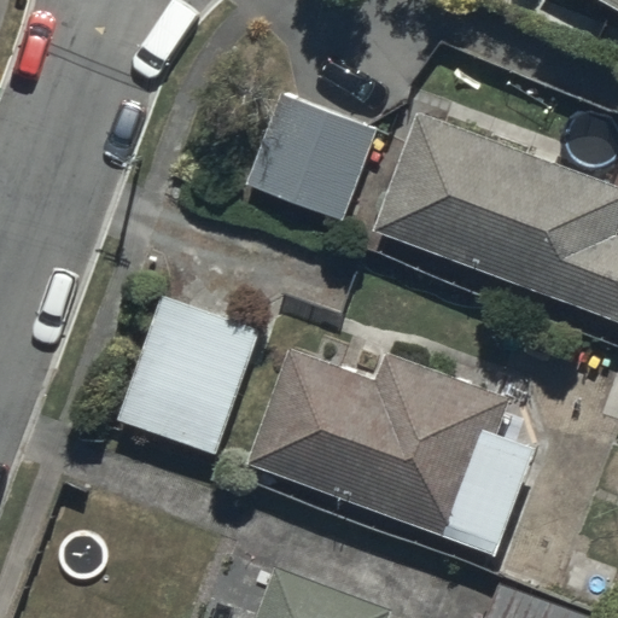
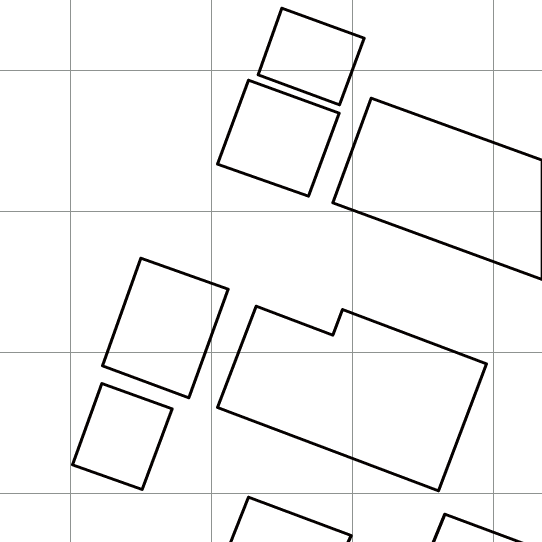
building: none -> [258,8,364,105]
building: none -> [72,384,172,489]

